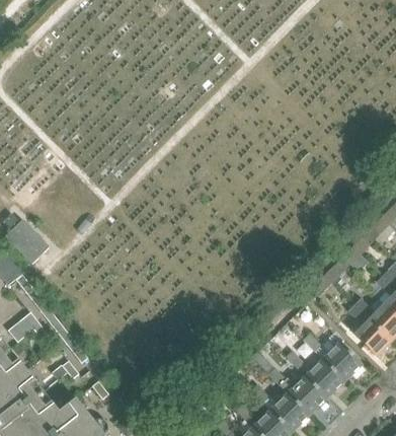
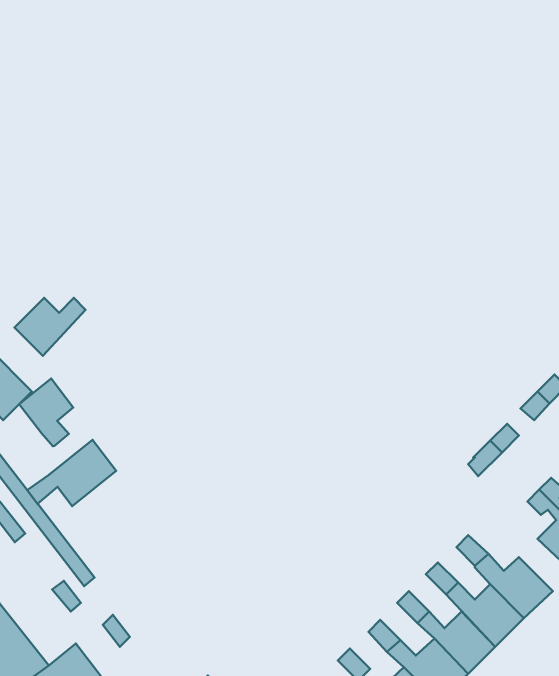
building: none -> [14,298,86,356]
building: none -> [19,378,73,446]
building: none -> [27,440,116,506]

